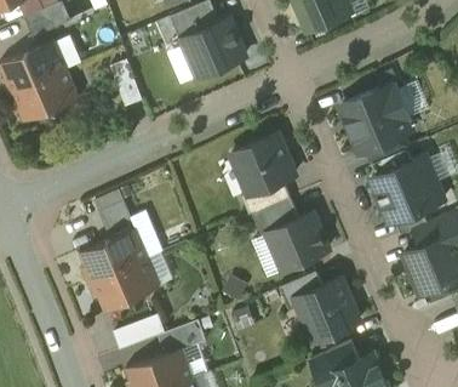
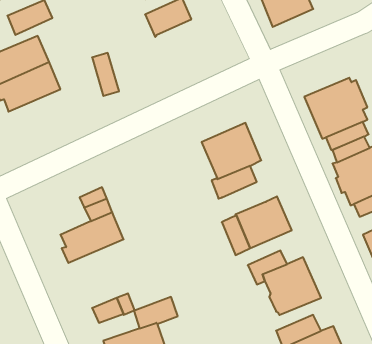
building: [183,19,246,78] -> none
building: [253,198,300,237] -> none
building: [88,260,161,312] -> none

